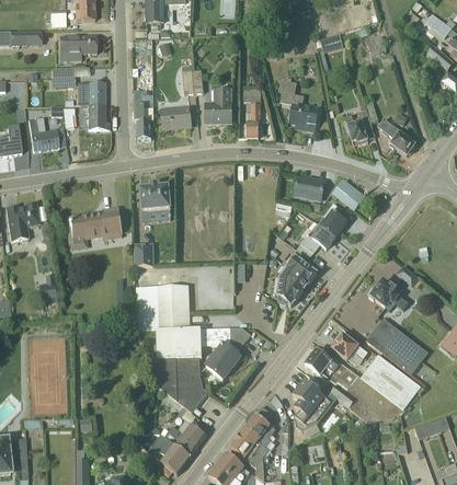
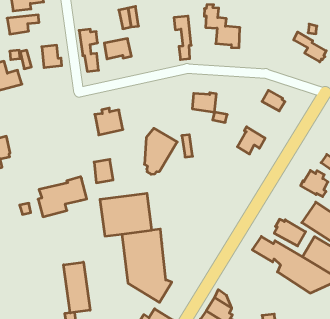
building: [78,82,106,105] -> none
building: [205,89,232,125] -> none
building: [342,109,376,145] -> none
building: [295,177,324,201] -> [192,93,216,112]
building: [315,205,351,238] -> none
building: [67,208,123,250] -> [38,177,87,217]
building: [276,255,317,308] -> [144,128,177,174]
building: [203,330,241,380] -> none
building: none -> [64,262,90,313]
building: [293,381,333,431] -> none

